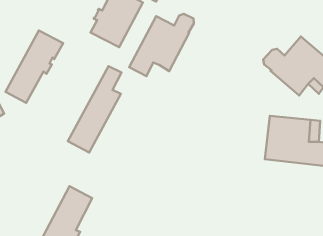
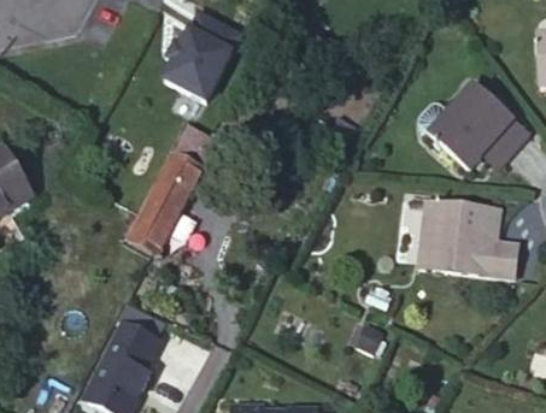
building: [129,14,194,76] -> none
building: [6,30,63,103] -> none

